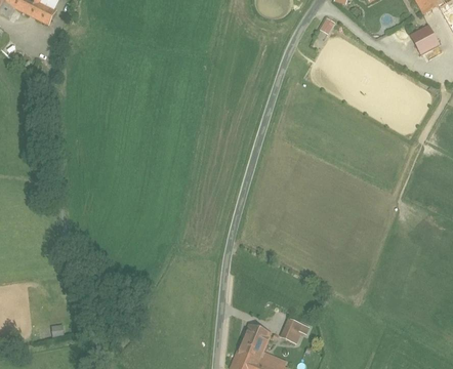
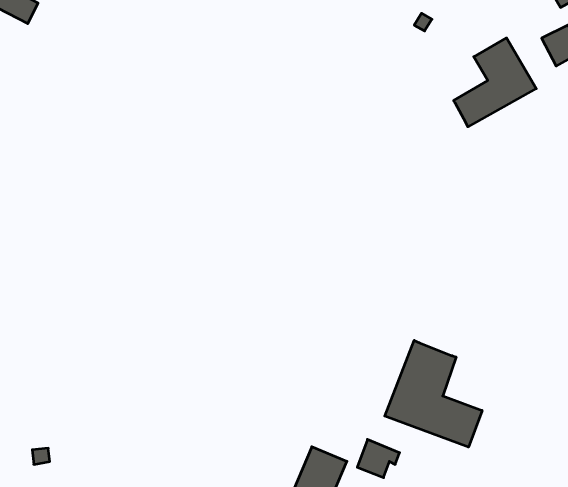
building: none -> [454,38,536,127]
building: none -> [385,340,482,447]

